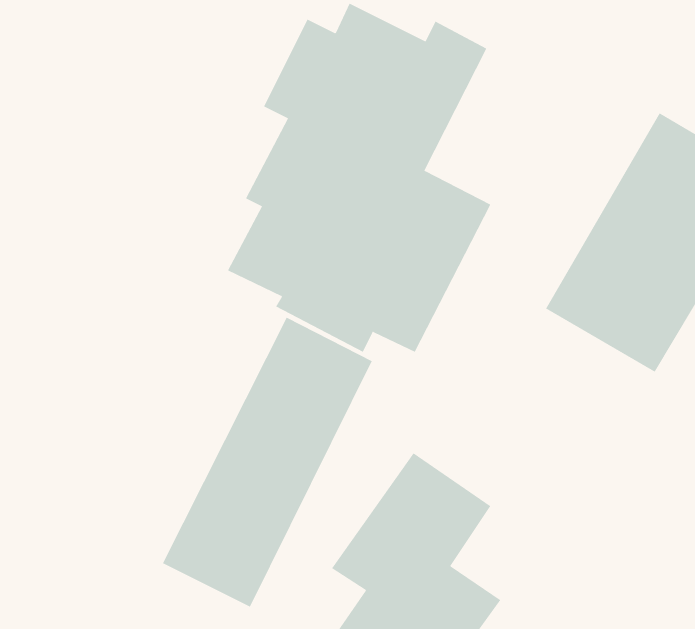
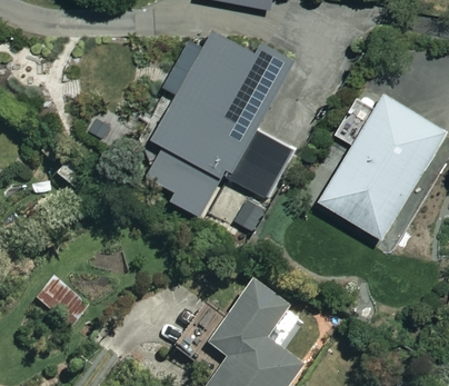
building: [162,317,372,607] -> none

